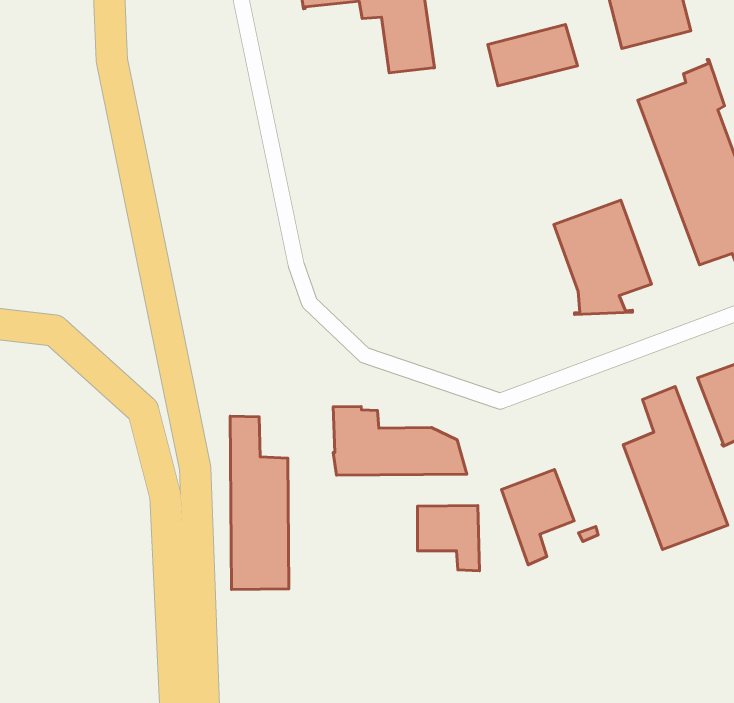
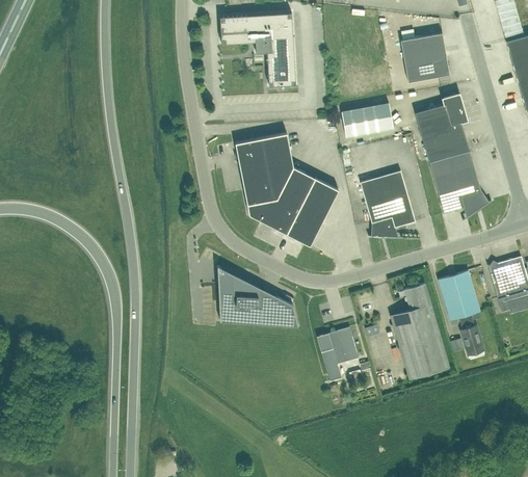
building: [488,24,577,86] -> [342,103,394,136]
building: none -> [235,133,338,245]
building: [230,416,289,590] -> none
building: [417,506,480,571] -> none

